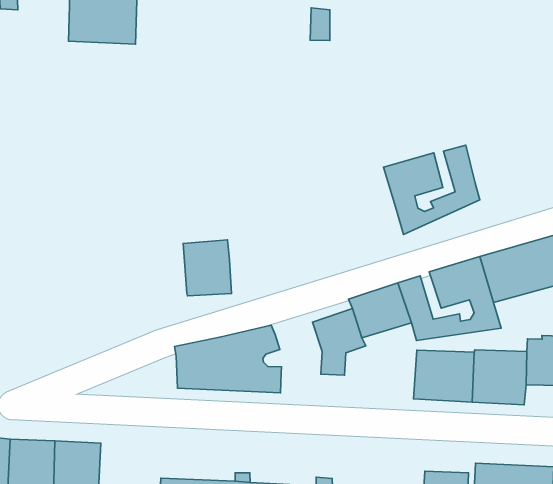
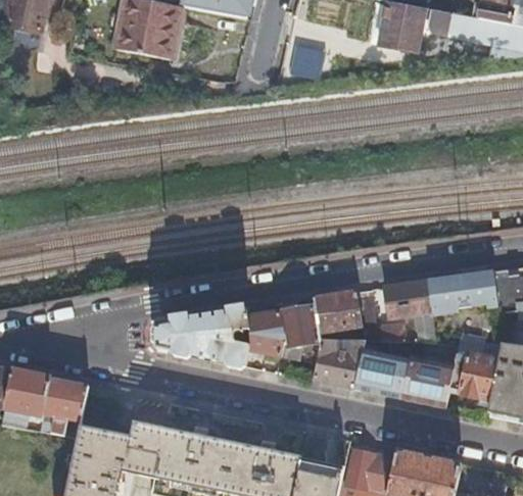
building: [384,145,480,234] -> none
building: [183,240,231,296] -> none
building: none -> [247,310,284,360]
building: none -> [313,337,364,387]

